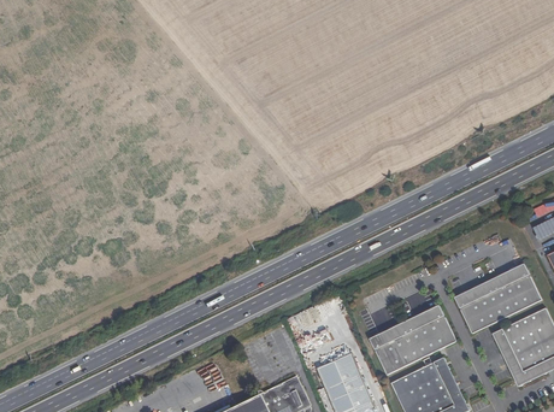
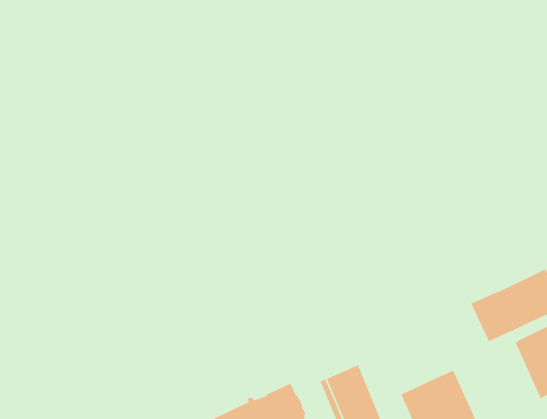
building: [370,305,456,373] -> none

